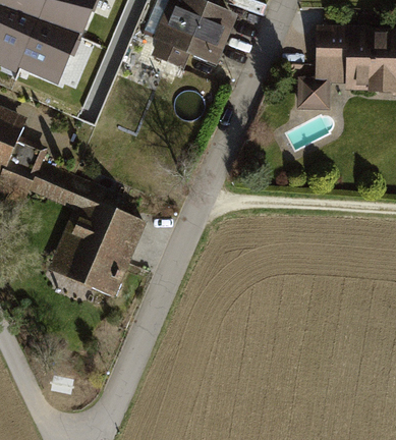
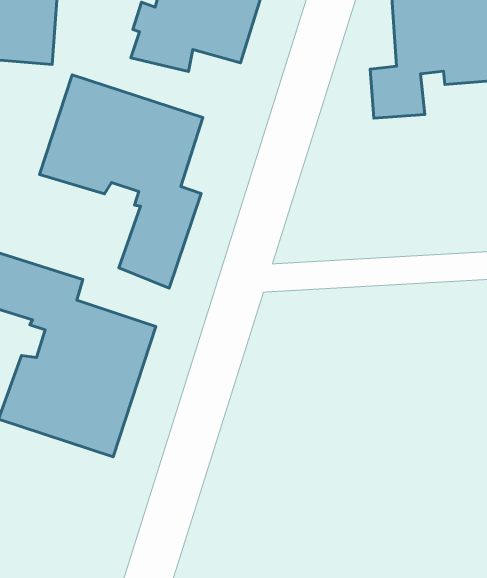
building: none -> [39,75,203,288]

